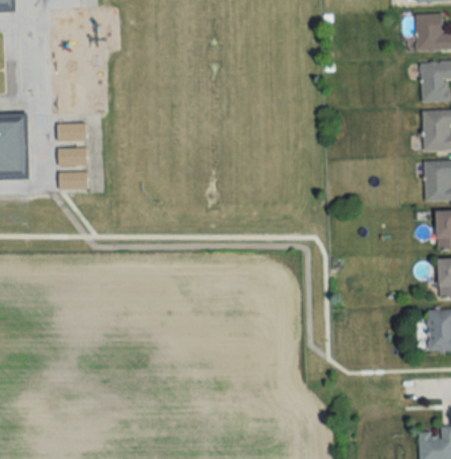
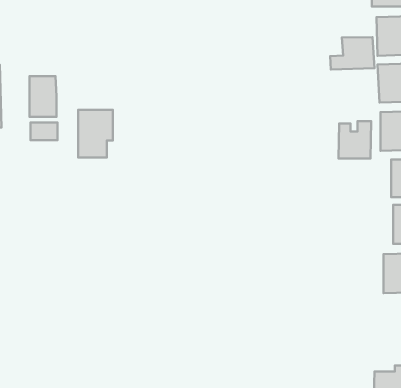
building: none -> [330,37,374,69]
building: none -> [78,110,113,157]
building: none -> [338,121,371,158]

